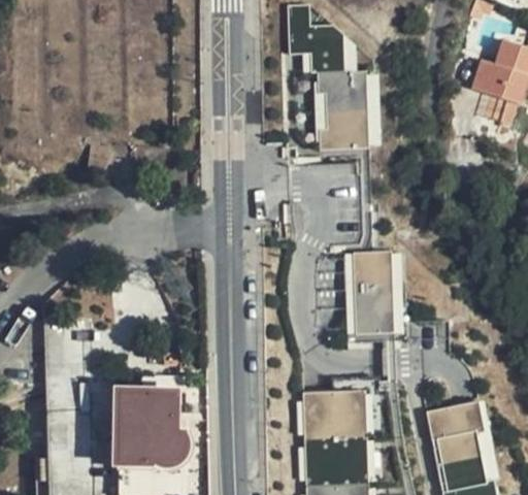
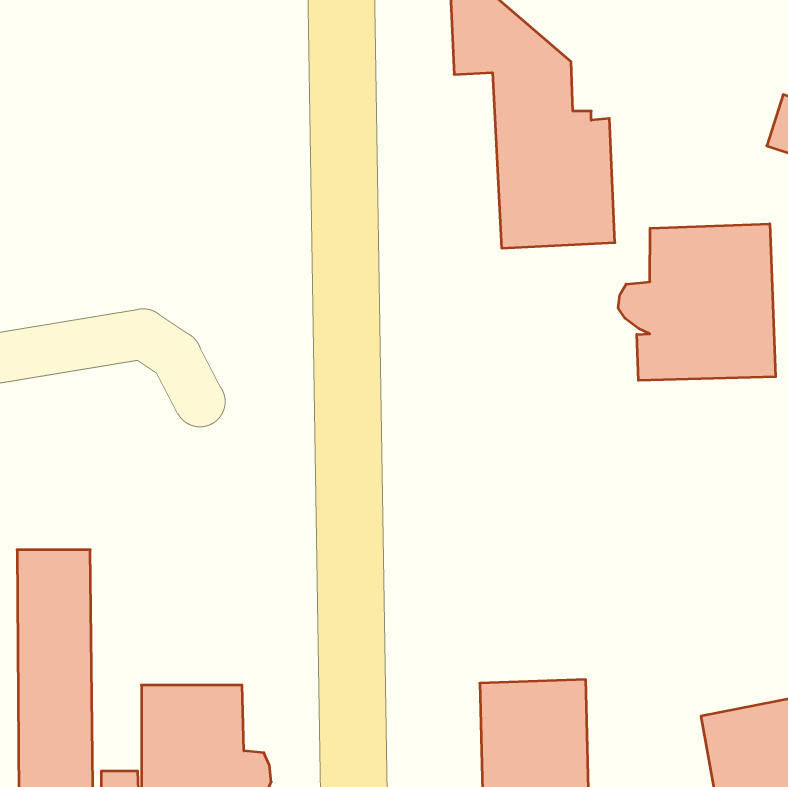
building: none -> [618,224,776,380]
building: [343,250,404,334] -> none

